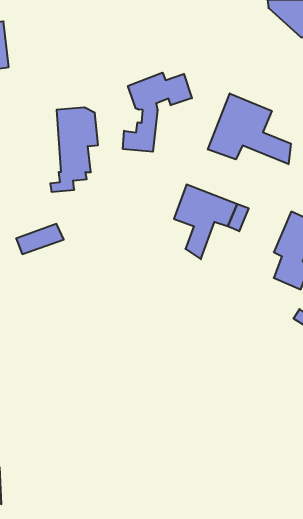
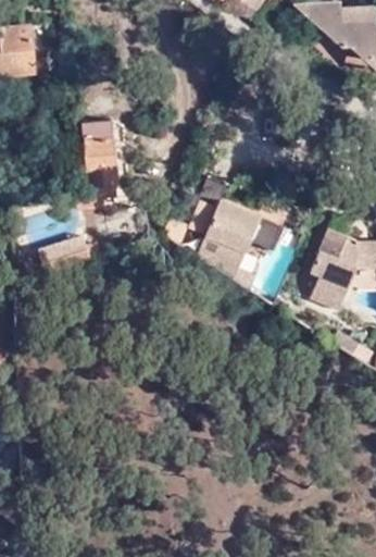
building: [123,73,192,152] -> none
building: [208,93,291,164] -> none

